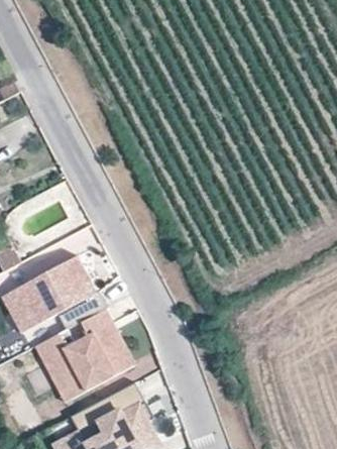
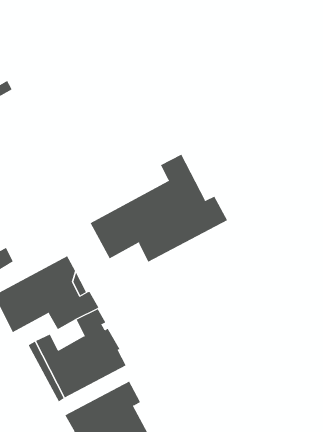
building: none -> [90,154,228,263]

